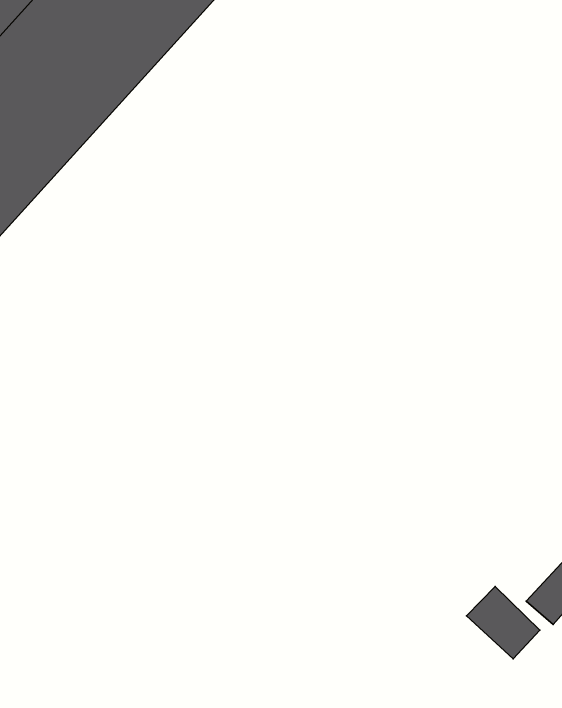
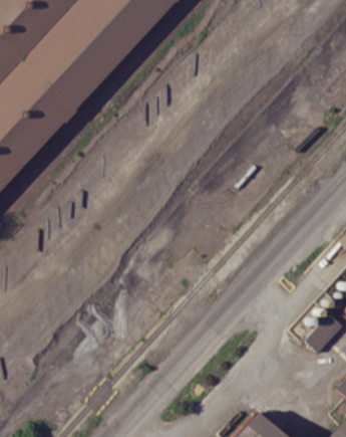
building: [466,587,540,659] -> none

